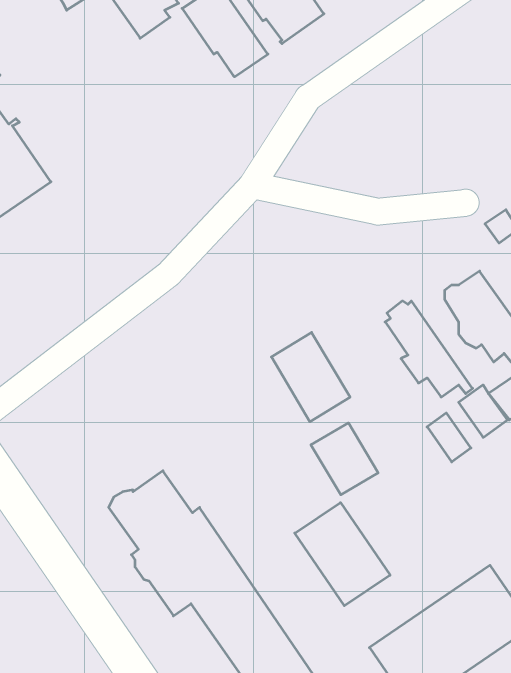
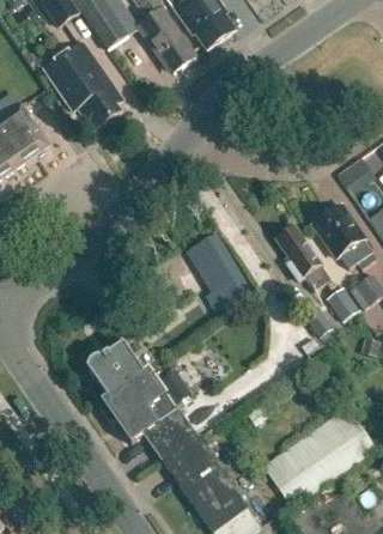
building: none -> [43,40,122,123]
building: [311,423,378,495] -> none
building: [295,503,390,606] -> none

